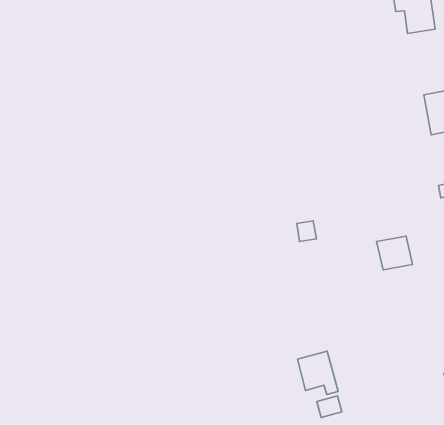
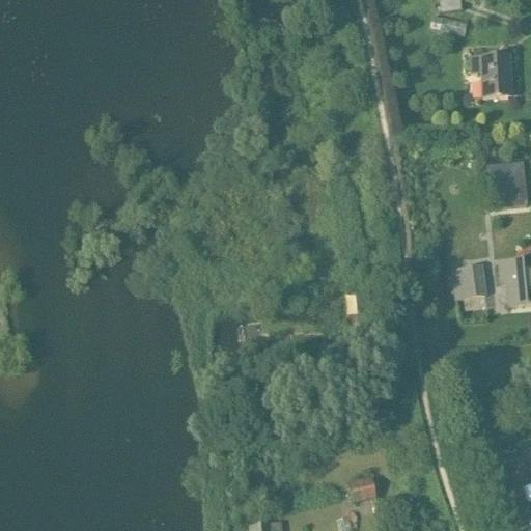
building: [377,236,413,270] -> [452,262,488,297]
building: [297,351,338,395] -> none

